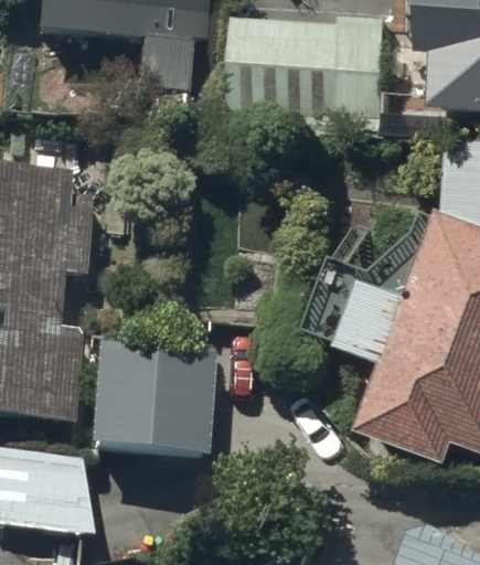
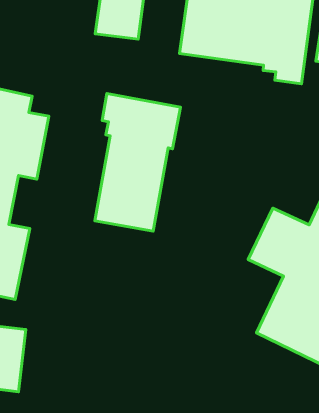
building: none -> [95,94,180,231]
building: [90,343,214,450] -> none

